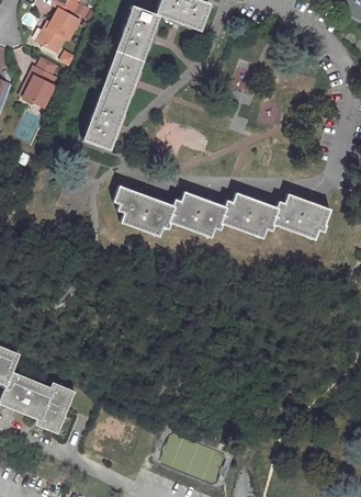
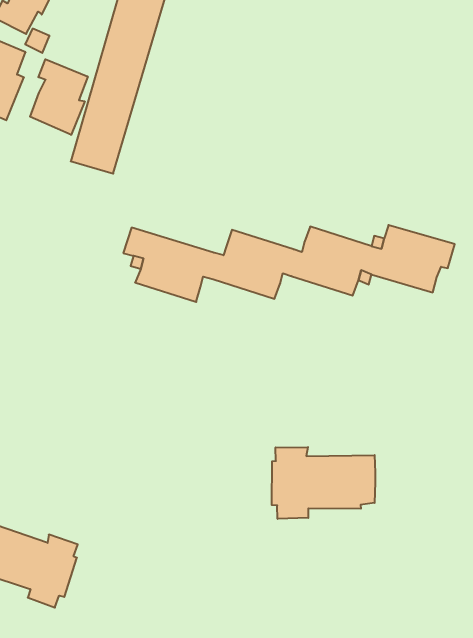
building: none -> [30,59,88,135]
building: none -> [272,447,375,519]

